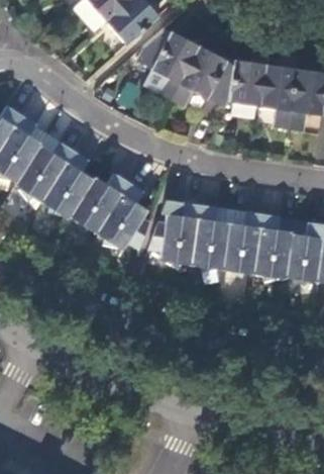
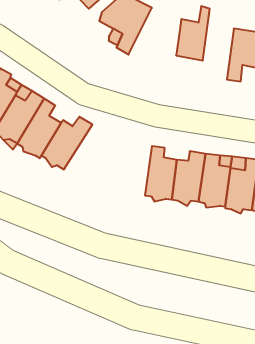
building: [174,45,234,106] -> none
building: [260,46,297,129] -> none
building: [98,182,152,252] -> none
building: [150,205,201,270] -> none

